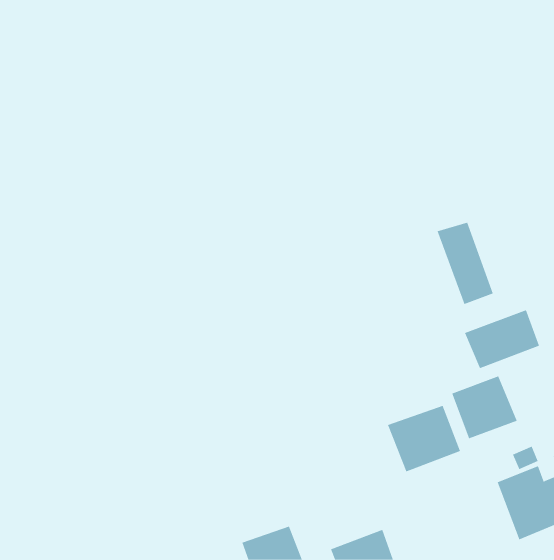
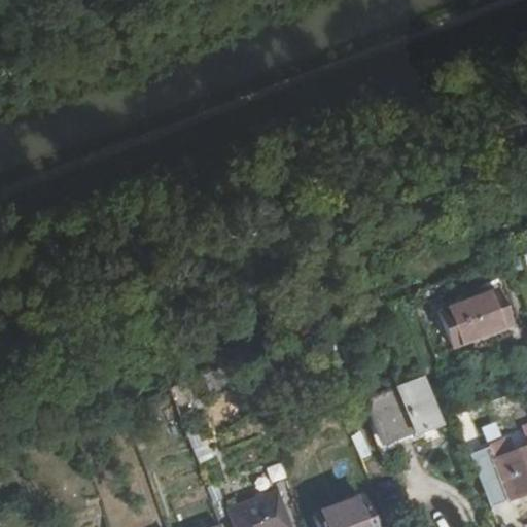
building: [437,222,493,305] -> none
building: [451,375,518,439] -> none

